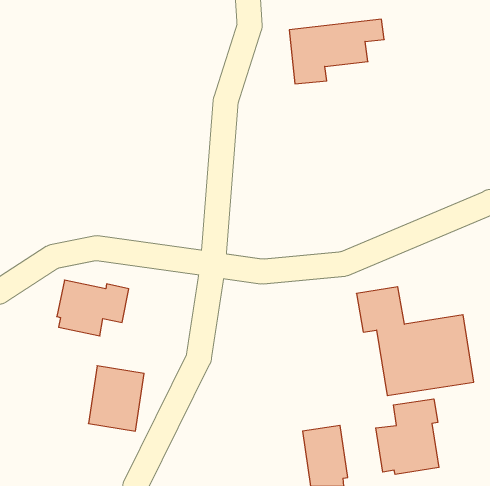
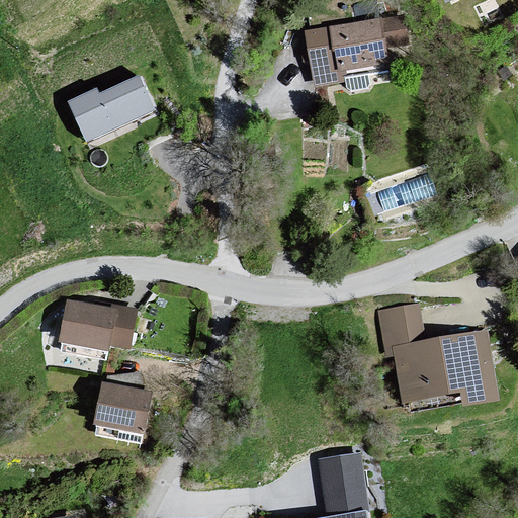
building: none -> [75,70,153,131]
building: [376,399,439,474] -> none

